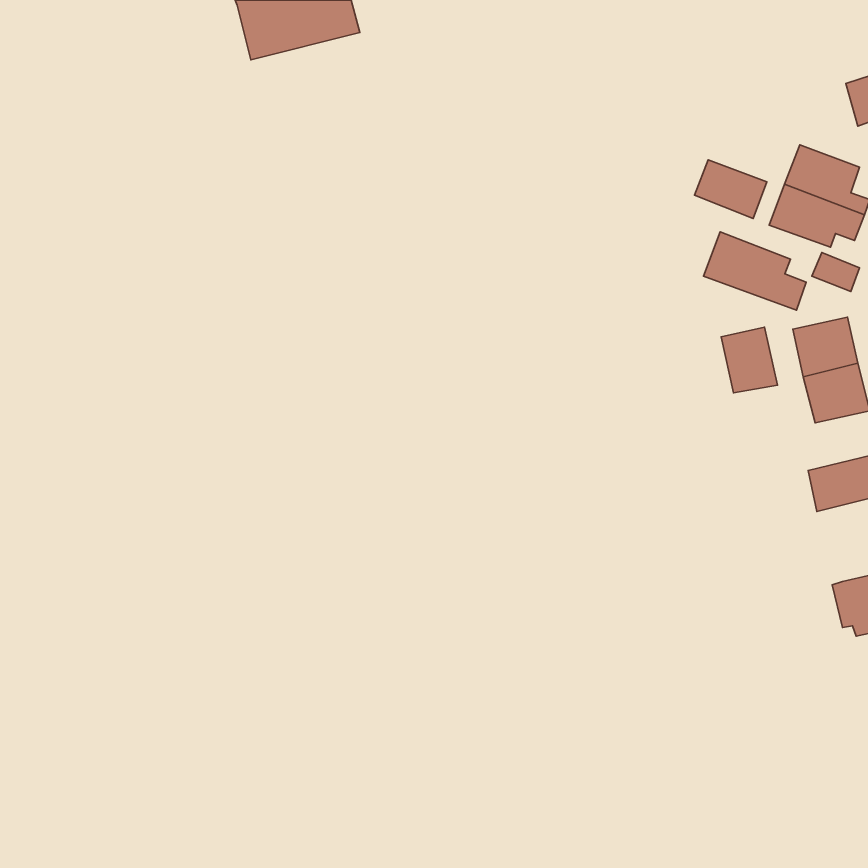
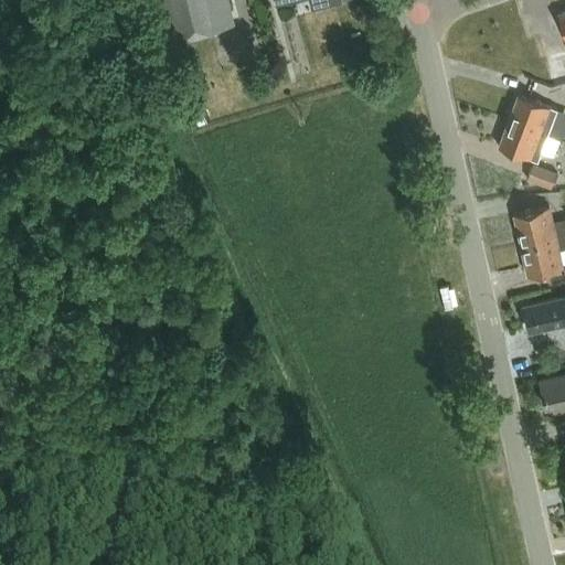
building: [695,160,767,219] -> none
building: [704,232,806,310] -> none
building: [721,327,777,393] -> none

